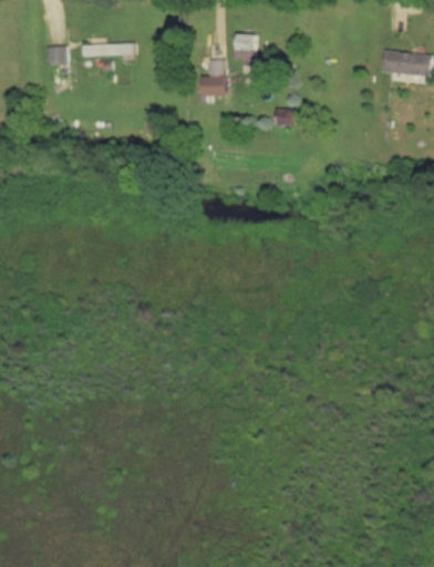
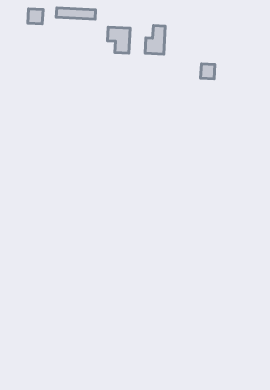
building: [236,34,256,58] -> none
building: none -> [107,27,130,53]

